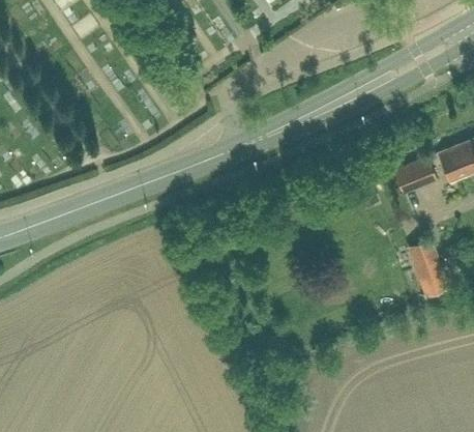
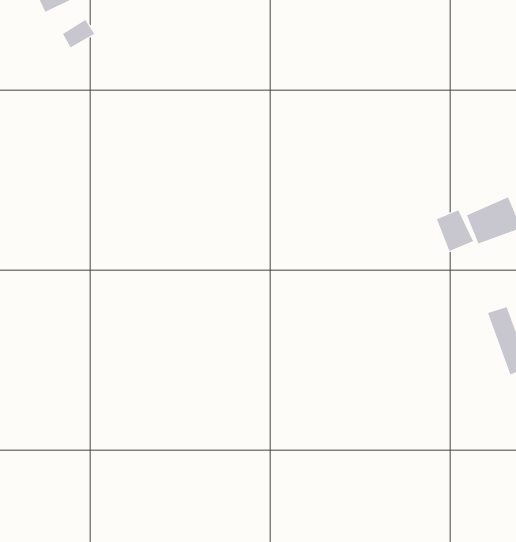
building: none -> [436,209,474,252]

